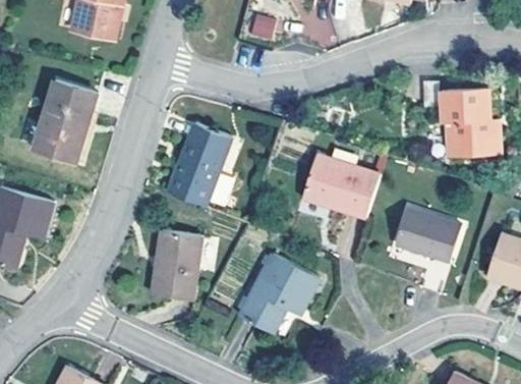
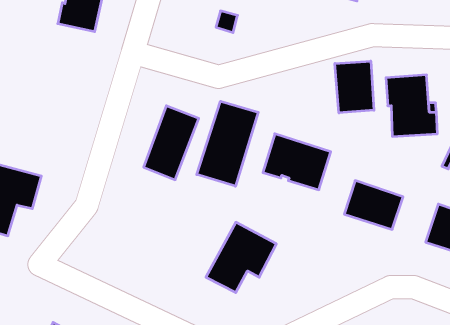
building: none -> [335,61,374,113]
building: [34,78,98,162] -> none
building: none -> [197,101,258,186]
building: [152,228,202,299] -> none

